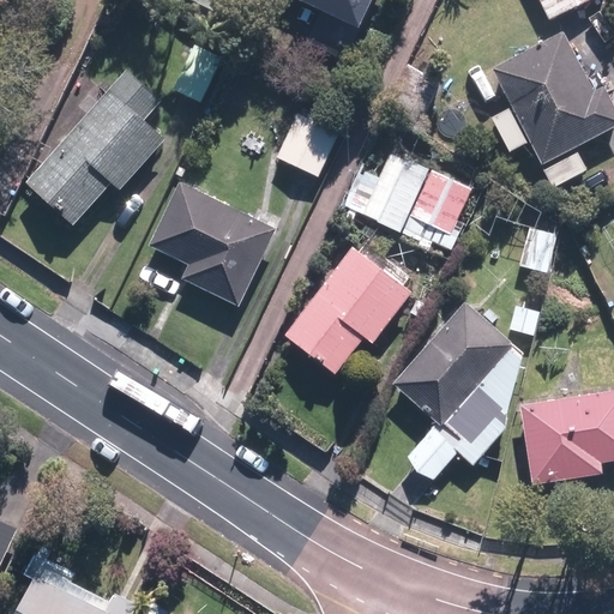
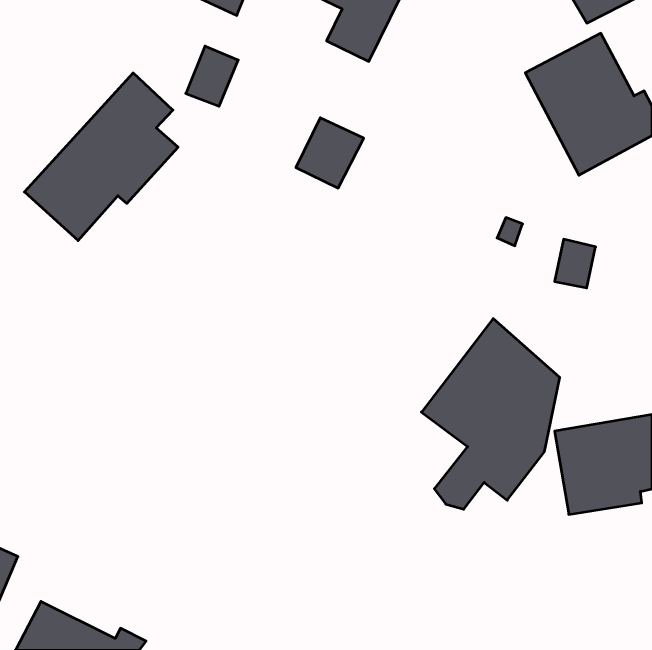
building: [365,146,472,249] -> none
building: [151,182,276,305] -> none
building: [284,246,411,373] -> none

